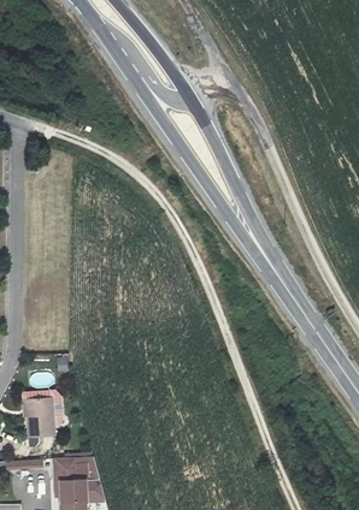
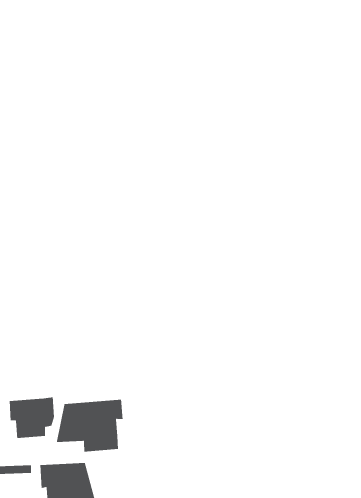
building: none -> [56,399,124,453]

